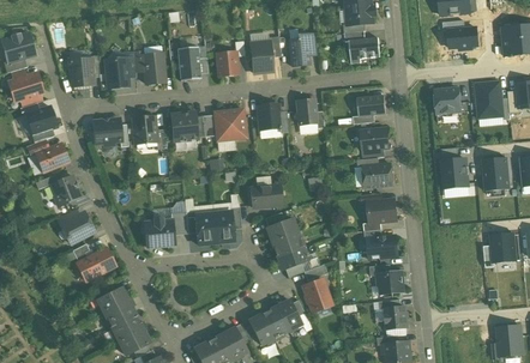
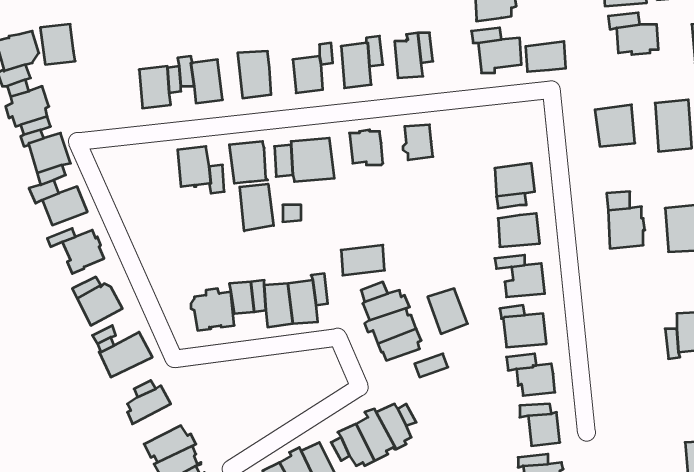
building: [68,58,94,86] -> [40,24,75,64]
building: [357,95,386,116] -> [526,41,566,72]
building: [94,119,120,144] -> none
building: none -> [240,184,274,231]
building: [302,279,331,311] -> [428,289,468,334]
building: [103,298,135,328] -> none

